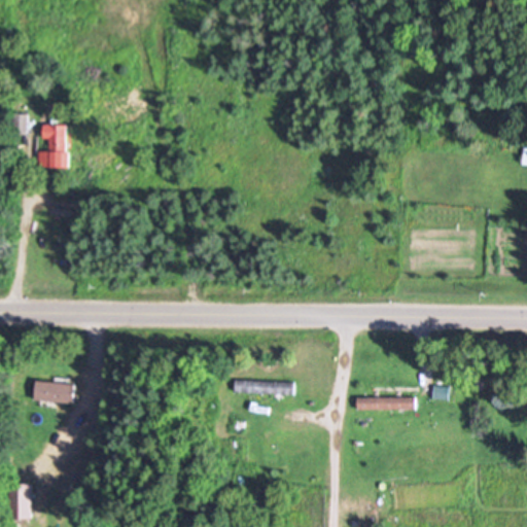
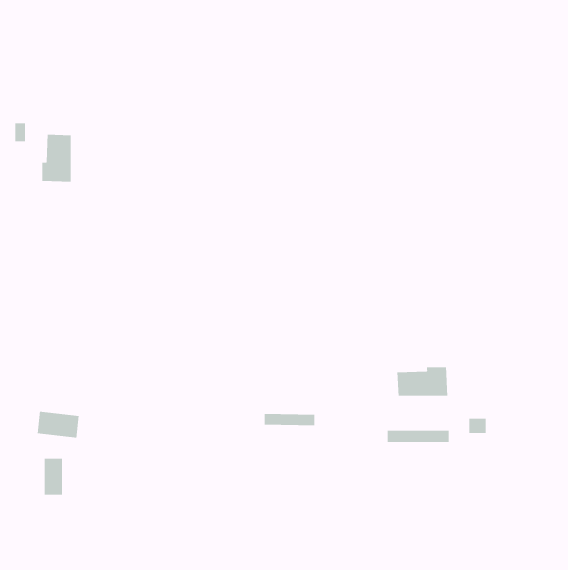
building: none -> [397,366,448,396]
building: [12,485,30,519] -> [44,458,63,495]

